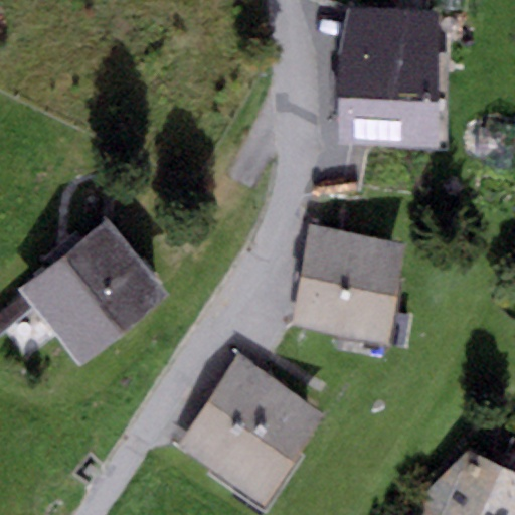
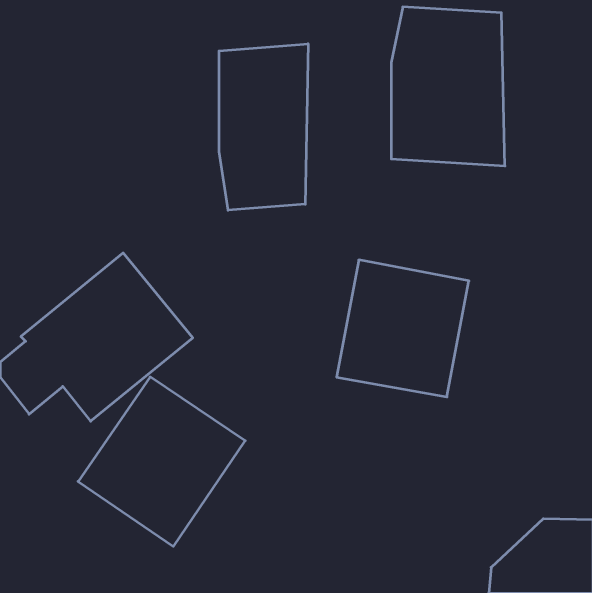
building: none -> [219,44,308,210]
building: [179,356,324,503] -> [78,377,245,546]

